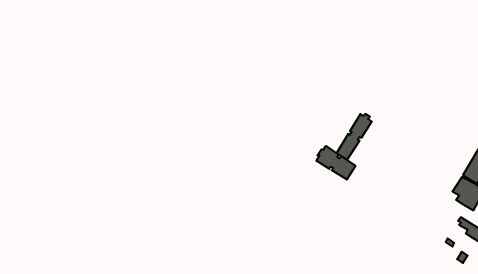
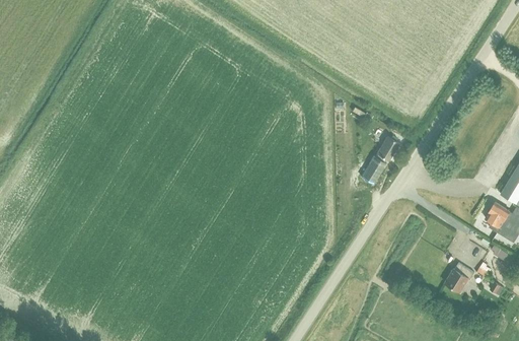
building: [316,146,355,180] -> none
building: none -> [444,264,473,293]

